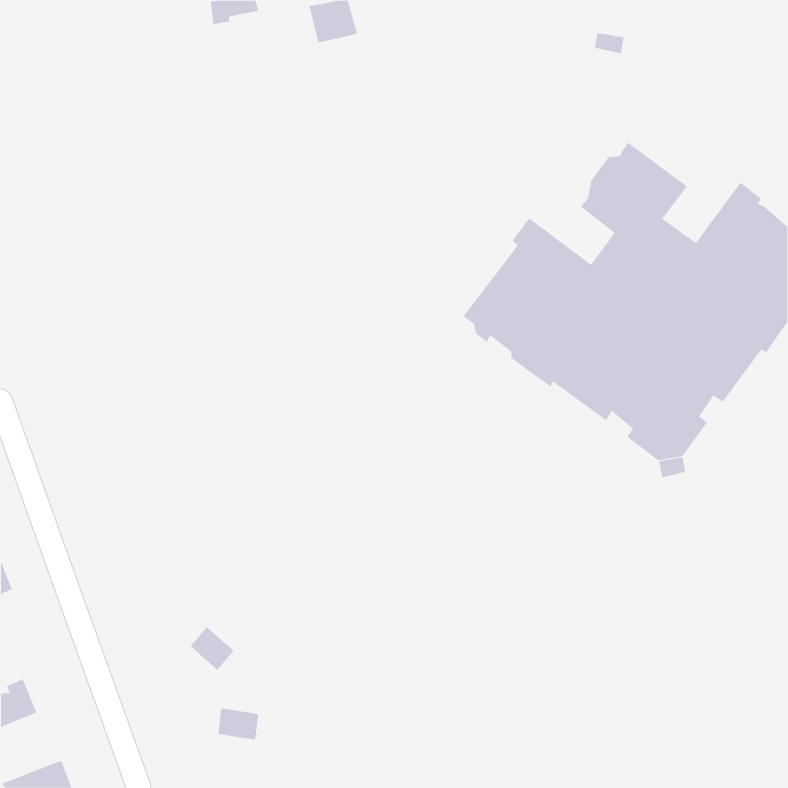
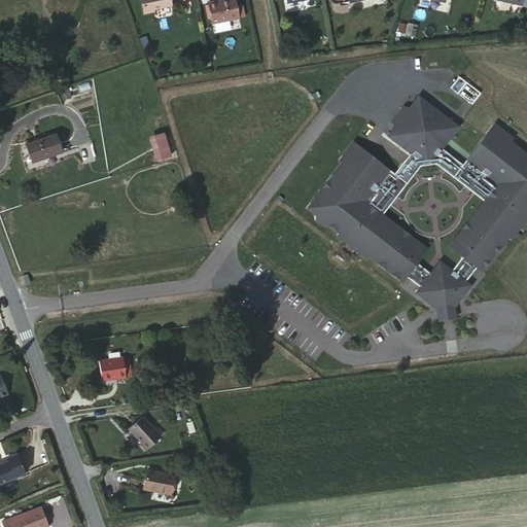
building: none -> [150,131,171,160]
building: none -> [25,136,60,165]
building: none -> [95,356,126,384]

